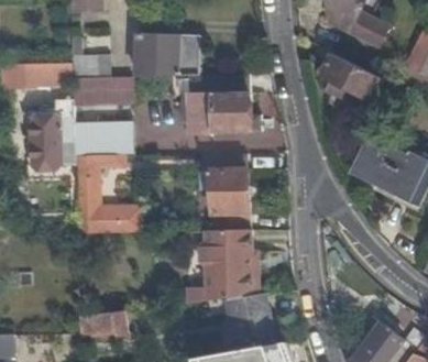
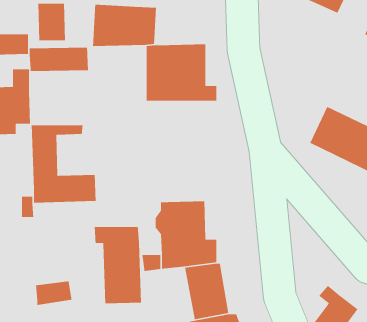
building: [321,53,383,101] -> none
building: [72,121,132,155] -> none
building: [199,154,248,232] -> [94,226,142,304]

